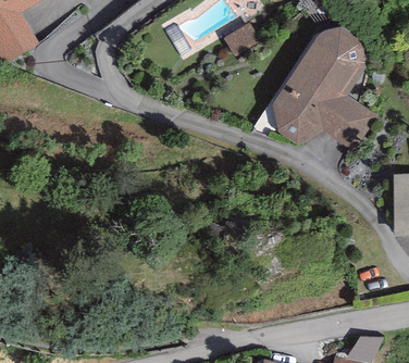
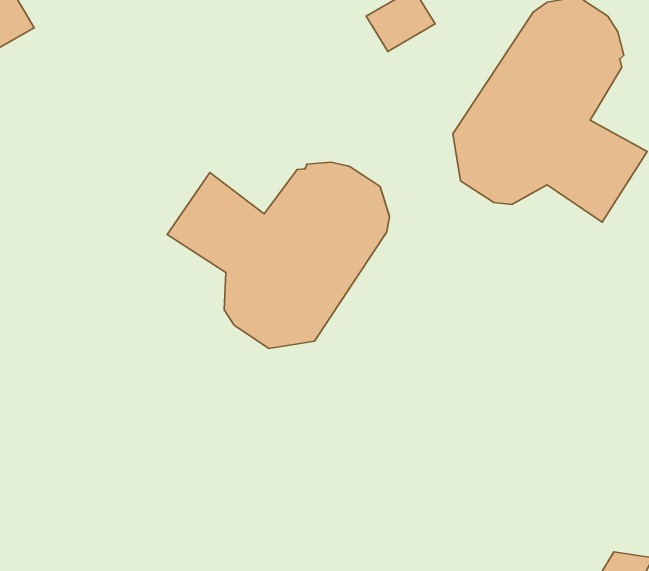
building: none -> [167,162,389,348]

